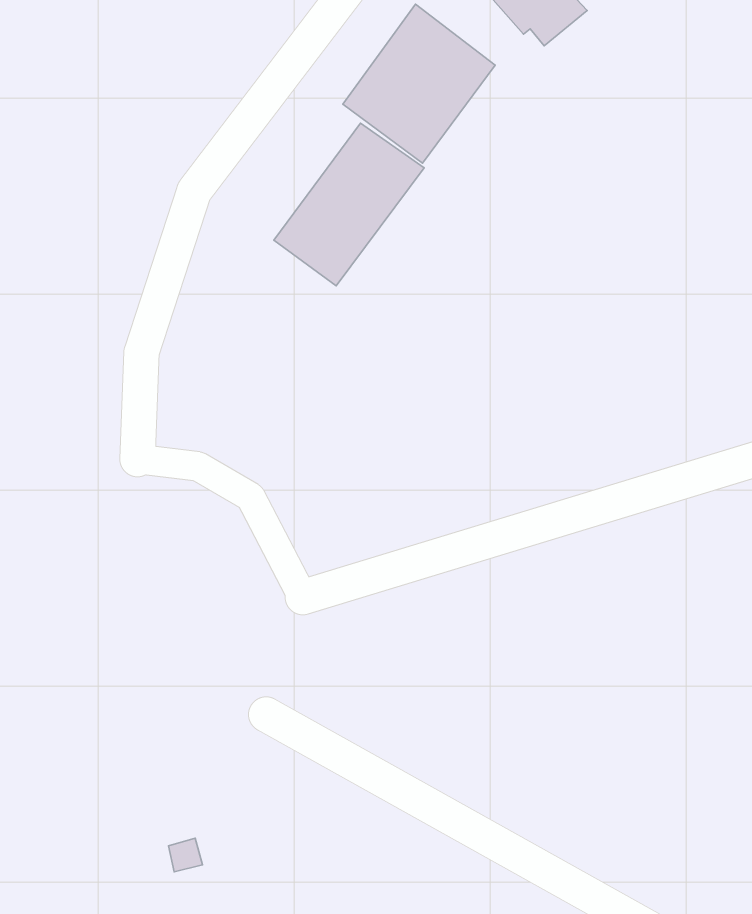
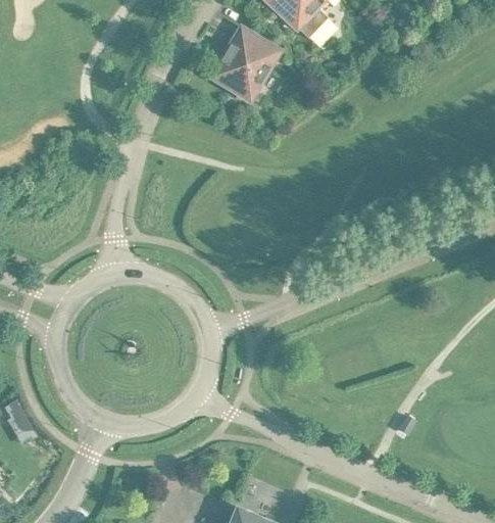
building: [274,123,424,286] -> none

